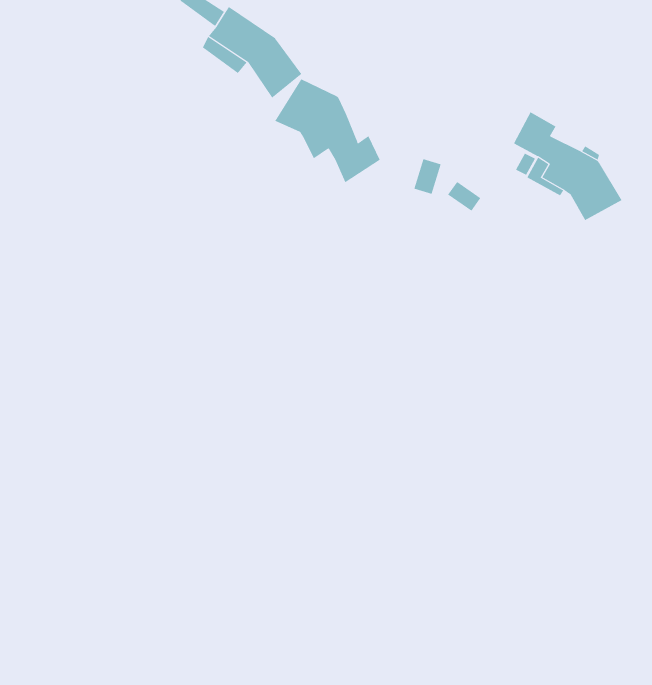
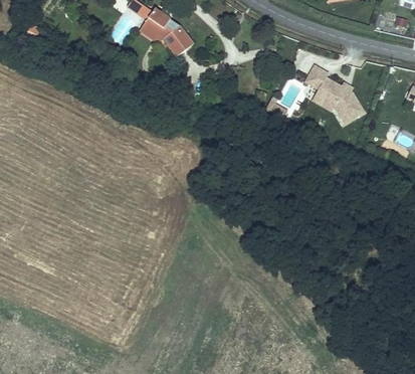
building: [275,79,381,183] -> none

